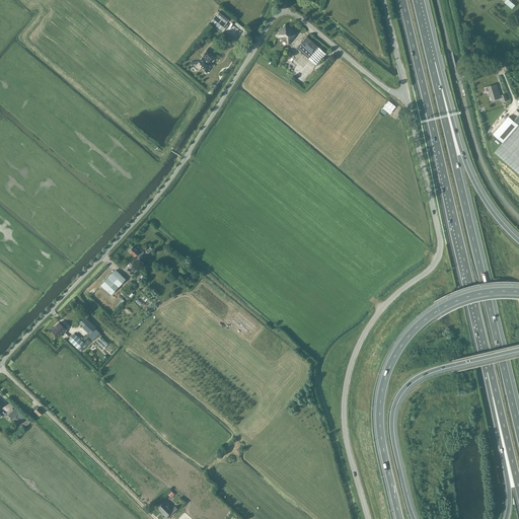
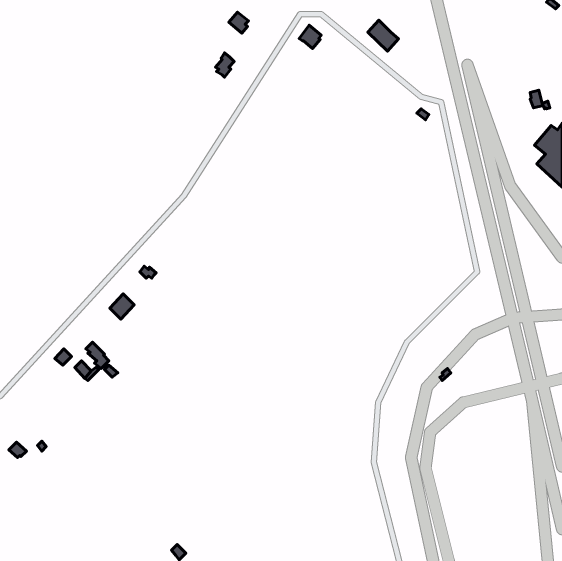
building: [297,35,325,64] -> [368,20,398,51]

